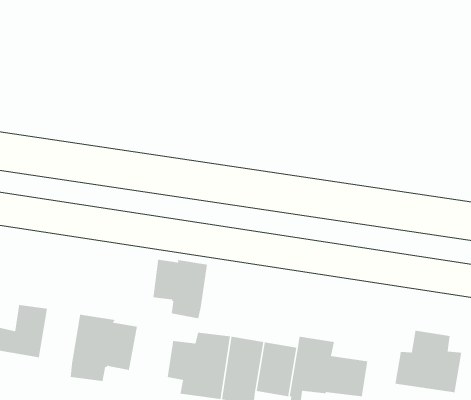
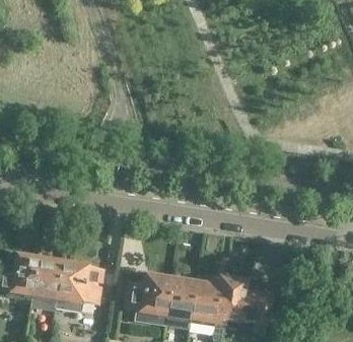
building: [153,259,208,319] -> none
building: none -> [29,256,61,309]
building: [394,330,462,393] -> none

